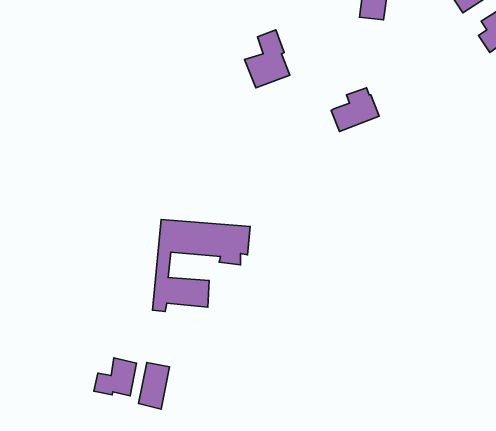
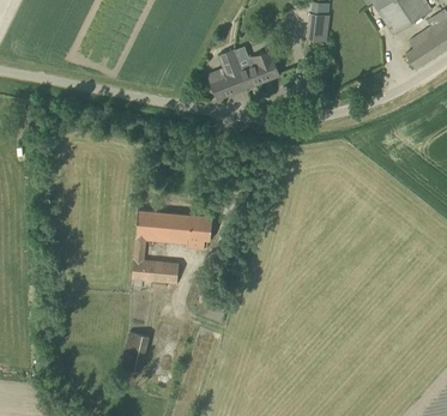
building: [331,88,379,132] -> [241,50,282,88]
building: [94,358,137,396] -> none

